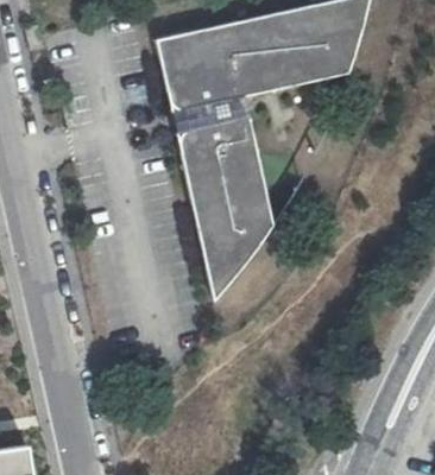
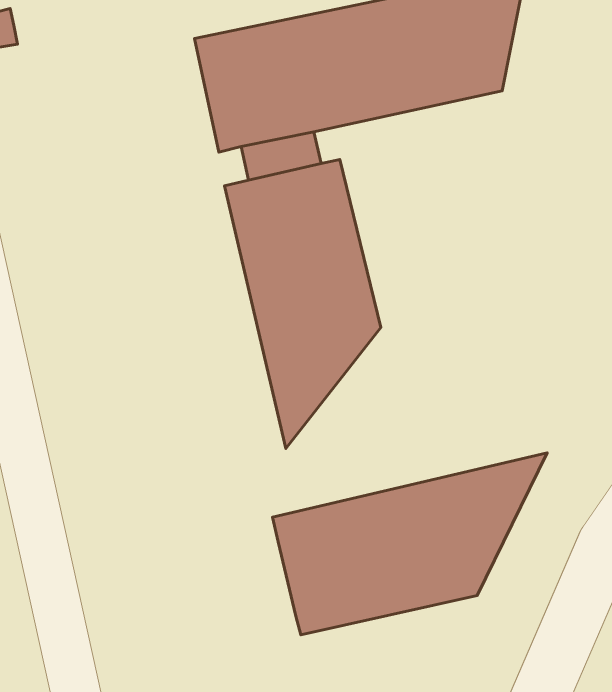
building: none -> [272,453,547,635]

